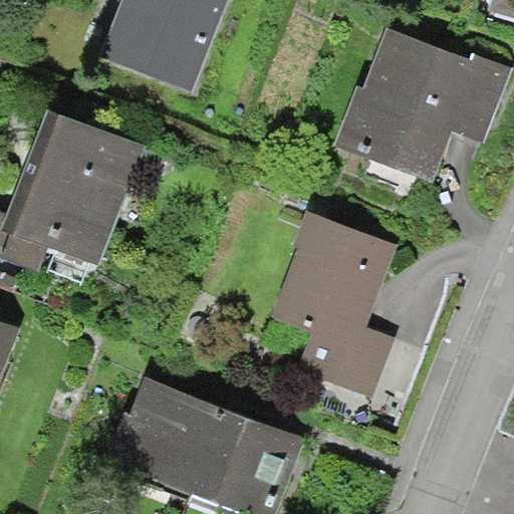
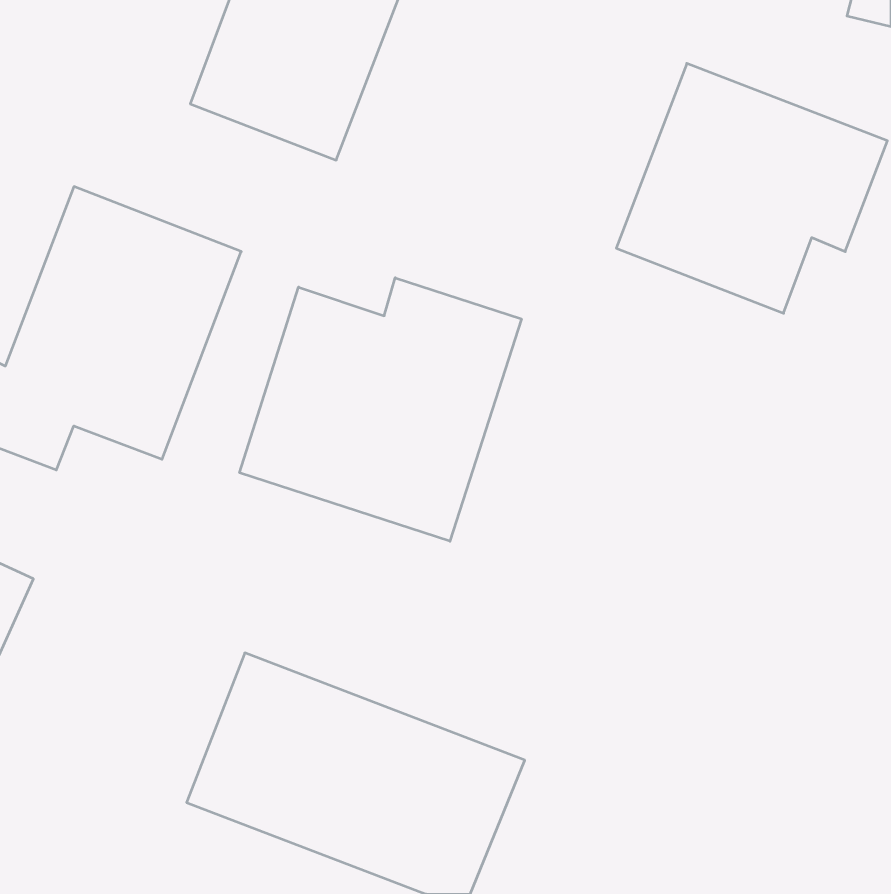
building: none -> [240,278,521,541]
building: [280,223,395,397] -> none

